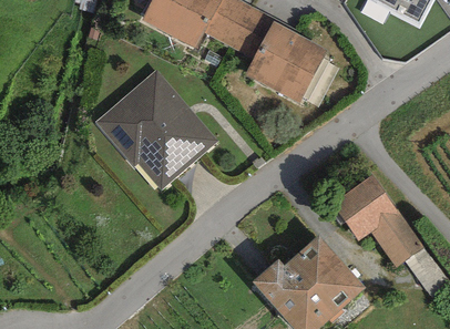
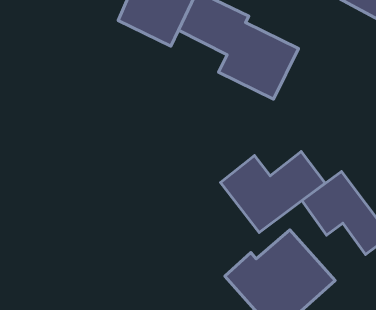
building: [93,70,216,188] -> none
building: none -> [221,152,325,233]

